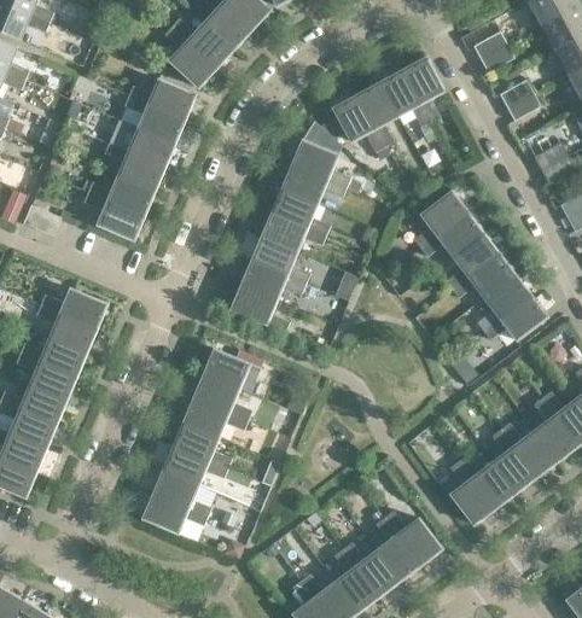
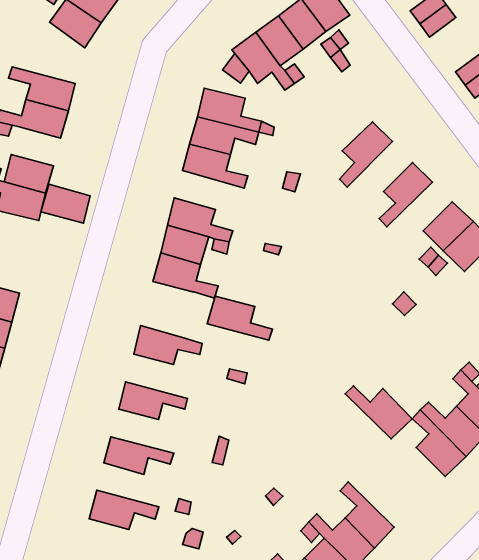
building: [129,78,196,118] -> none
building: [117,151,164,191] -> [41,184,90,223]
building: [261,211,326,251] -> none
building: [420,211,483,256] -> none
building: [452,253,514,297] -> none
building: [193,373,252,420] -> [207,296,272,340]
building: [173,421,232,468] -> none
building: [153,468,211,515] -> none
building: [384,511,442,564] -> [345,386,412,439]

